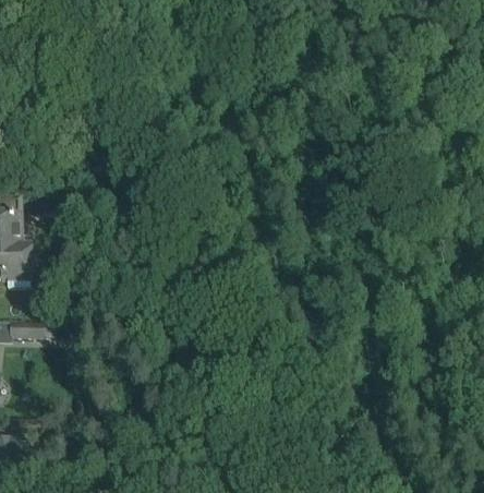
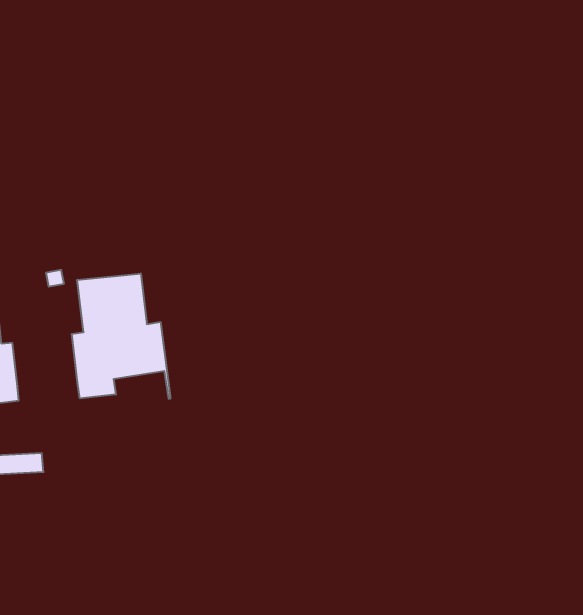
building: none -> [72,273,170,399]

